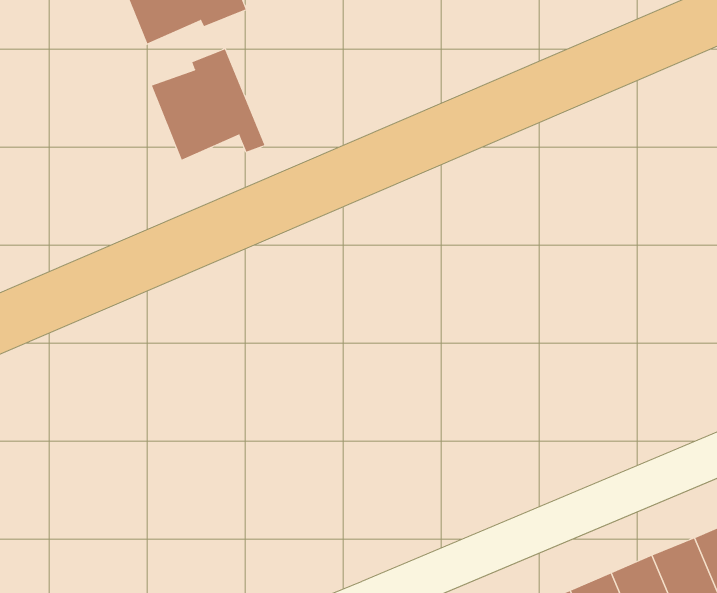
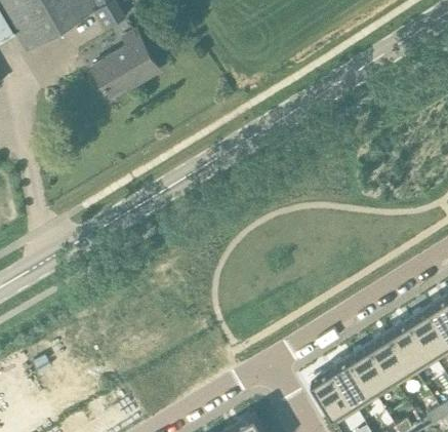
building: [151,48,265,161] -> none

